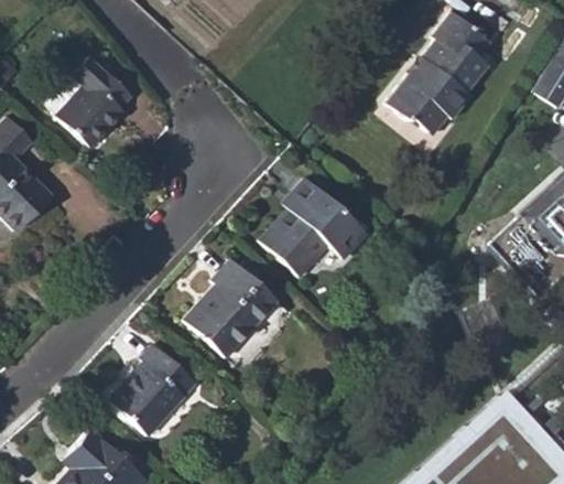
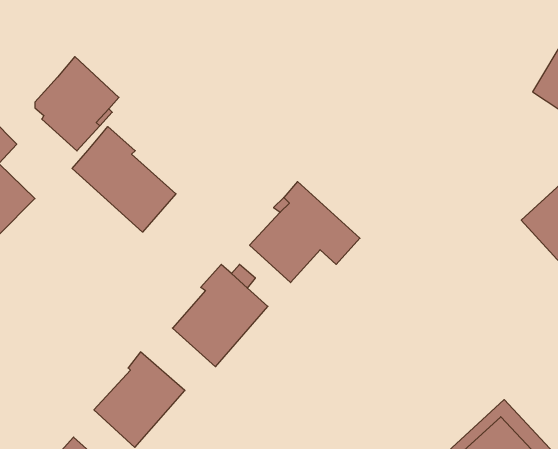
building: [386,12,491,132] -> none
building: none -> [72,127,176,232]

